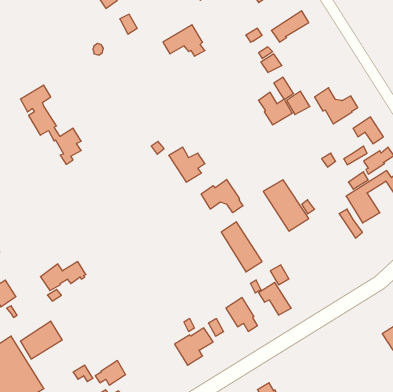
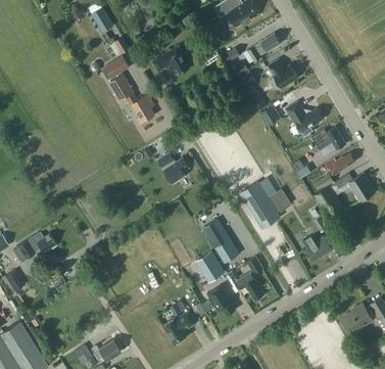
building: [20,85,81,164] -> [101,57,154,127]
building: [258,92,292,125] -> [268,59,297,88]
building: [201,179,243,213] -> none
building: none -> [302,234,331,262]
building: none -> [195,251,224,282]
building: [40,262,86,291] -> [16,233,56,259]
building: [21,321,62,359] -> none

